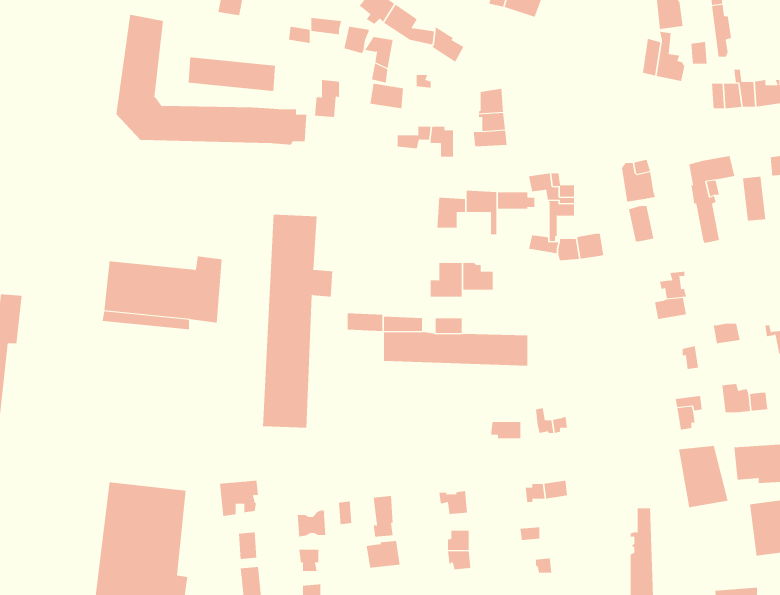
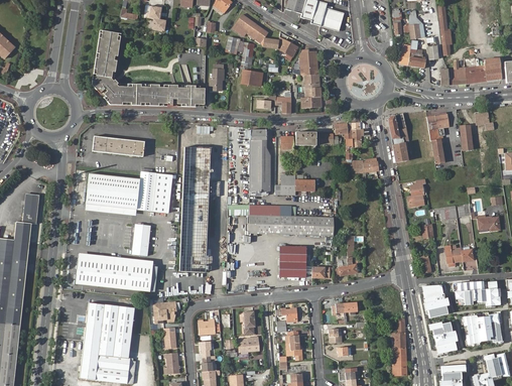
building: none -> [299,48,318,75]
building: [188,57,276,91] -> [92,135,143,155]
building: none -> [249,129,271,190]
building: none -> [152,172,171,211]
building: none -> [132,223,151,255]
building: none -> [279,246,307,276]
building: none -> [76,252,153,291]
building: none -> [429,318,457,356]

